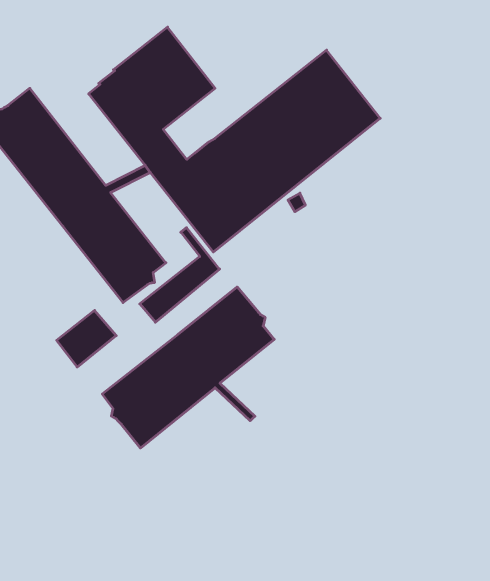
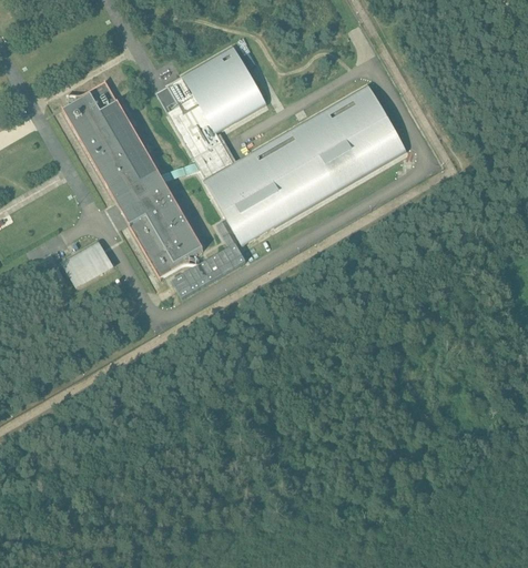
building: [102,287,274,448] -> none
building: [57,310,116,367] -> [62,242,114,288]

